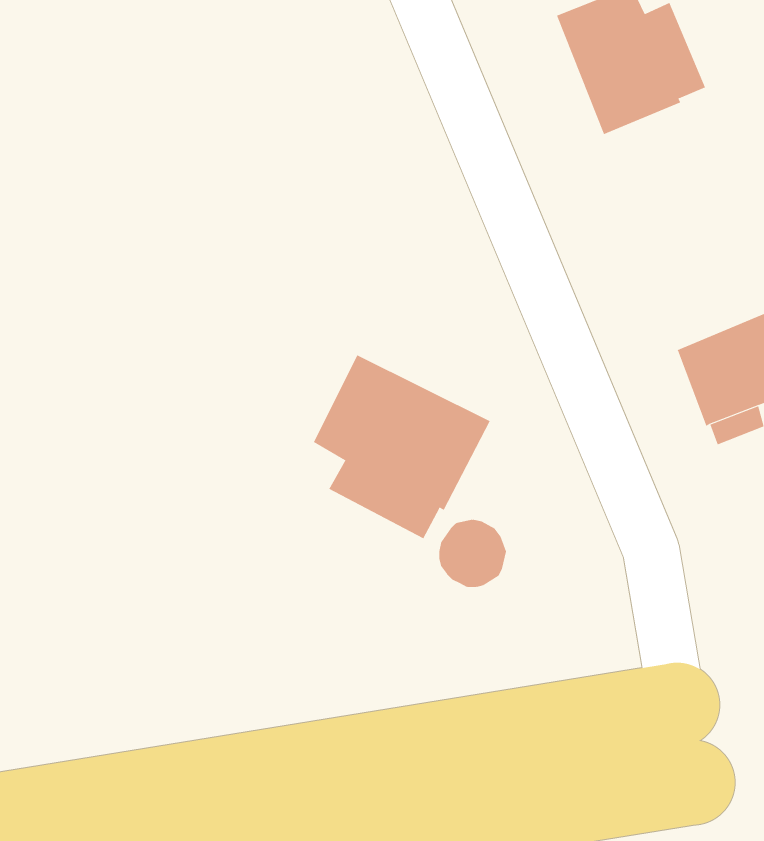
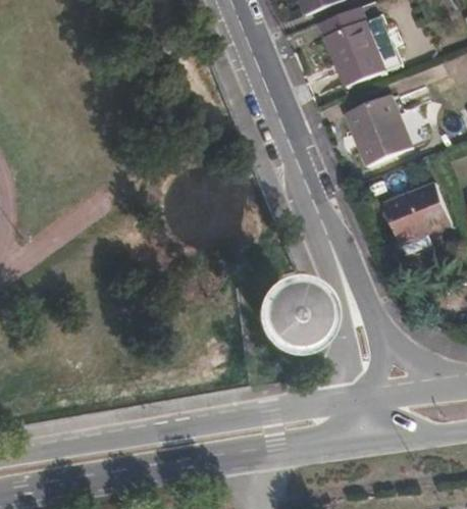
building: none -> [345,93,412,164]
building: [313,355,490,539] -> none

